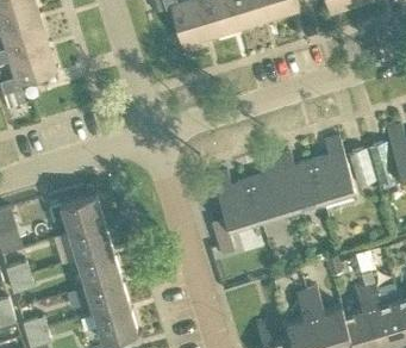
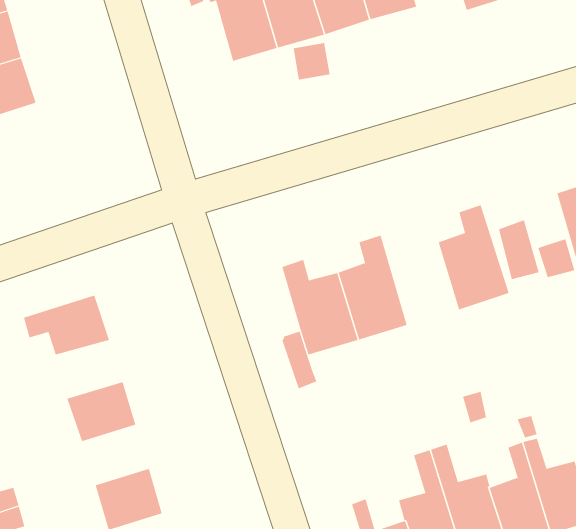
building: [275,153,324,213] -> none
building: [69,223,112,260] -> none
building: [86,276,129,315] -> none

